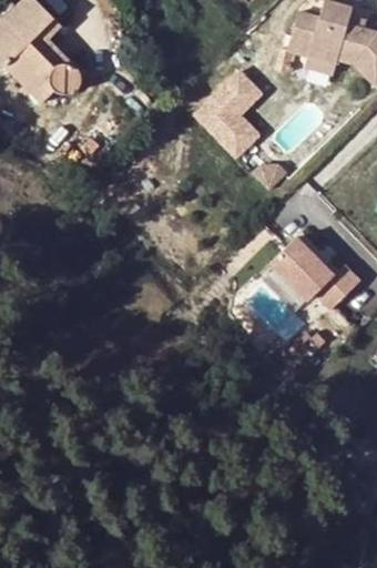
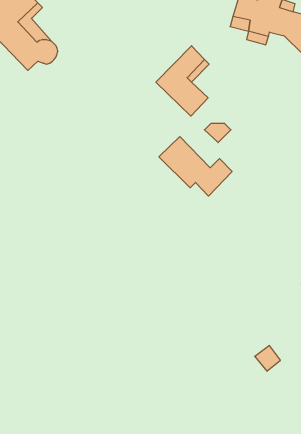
building: [273,240,361,312] -> [159,137,232,196]

